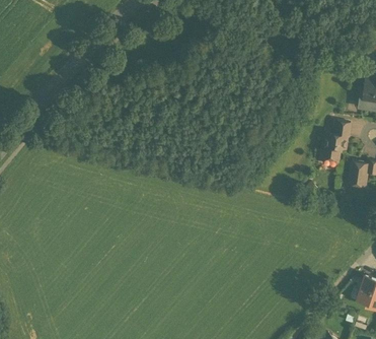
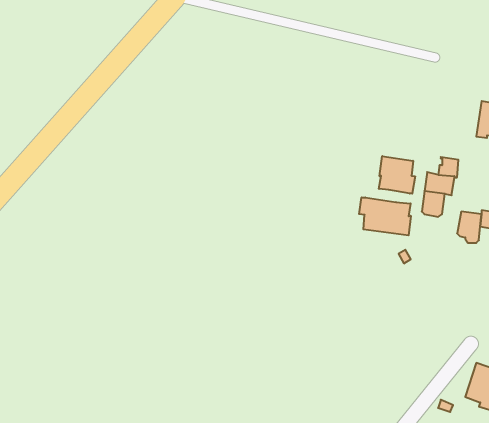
building: none -> [379,156,415,194]
building: none -> [359,197,411,235]

